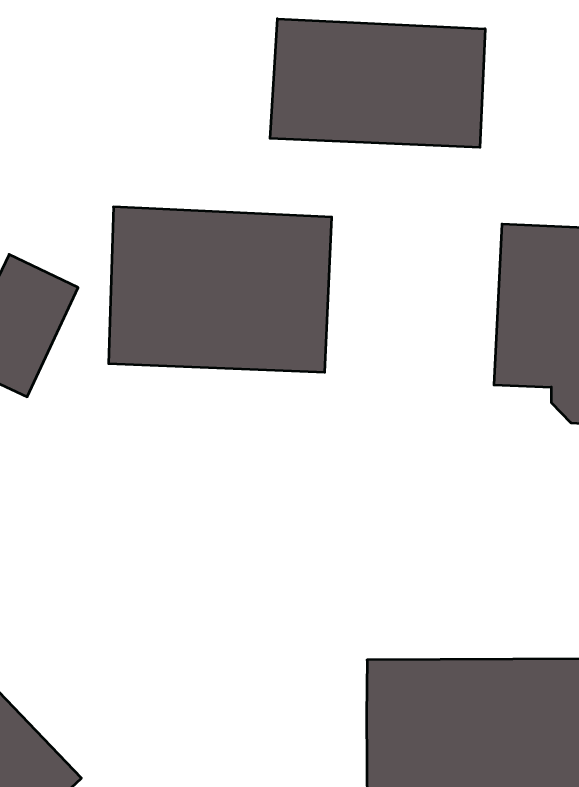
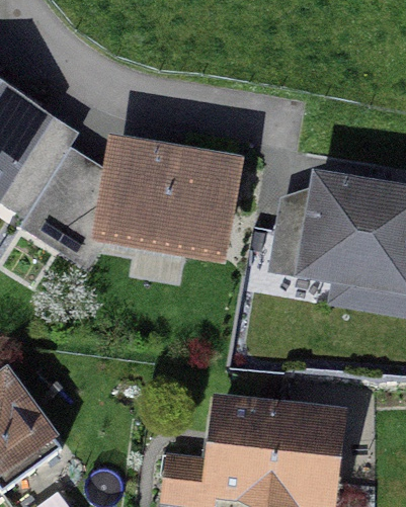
building: [270,19,485,147] -> none

